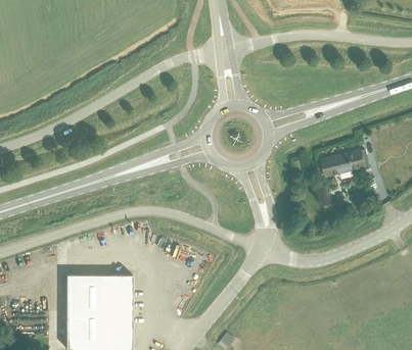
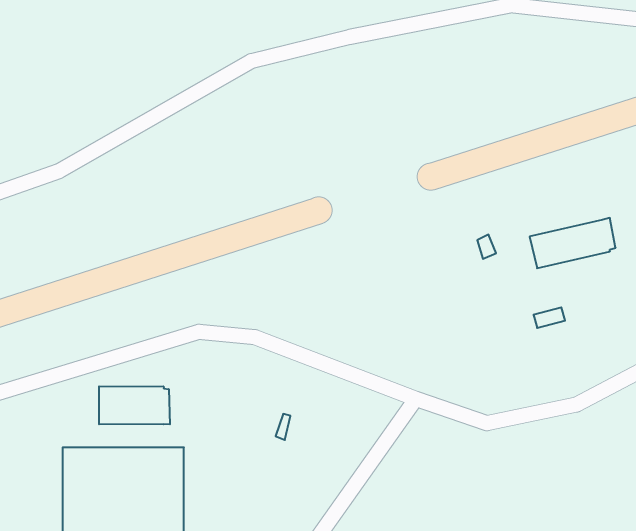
building: none -> [99,386,170,424]

